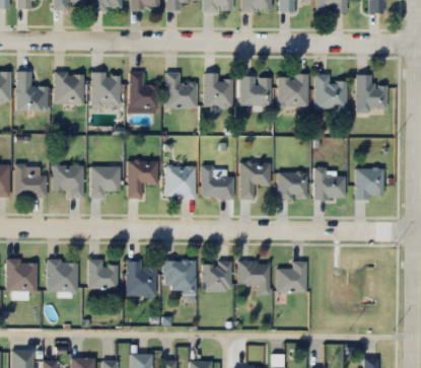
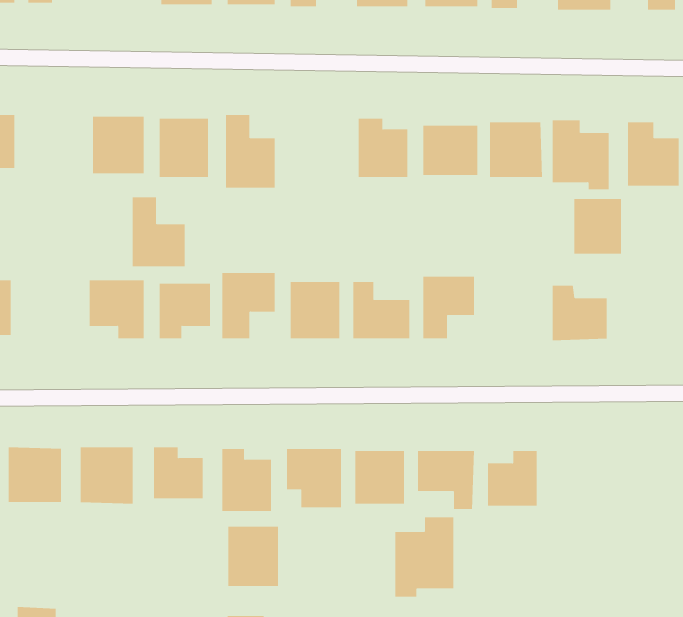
building: [16,71,47,111] -> [132,197,186,267]
building: [165,72,196,108] -> none
building: [15,163,46,196] -> none
building: [355,168,382,200] -> [573,199,622,254]
building: [277,171,307,200] -> none
building: none -> [395,516,454,598]
building: none -> [228,526,278,587]

